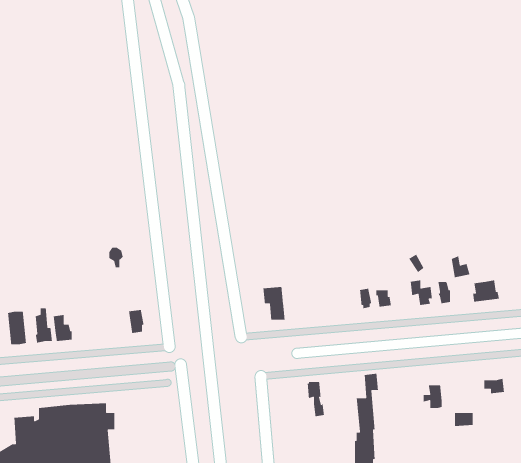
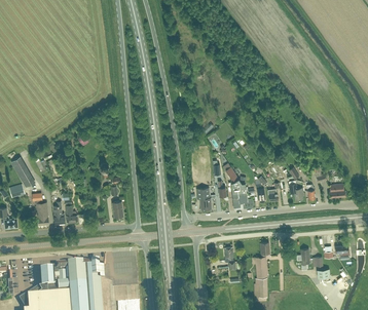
building: none -> [225,166,247,207]

